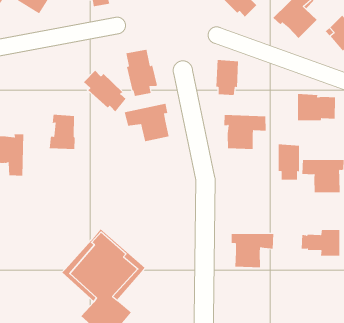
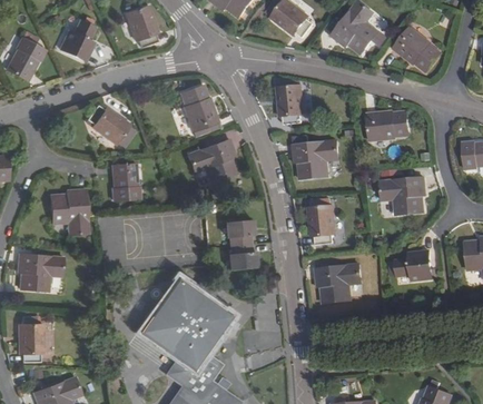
building: [83,70,127,112] -> [86,105,134,147]
building: [278,144,300,180] -> [307,206,334,245]
building: none -> [225,219,256,270]

